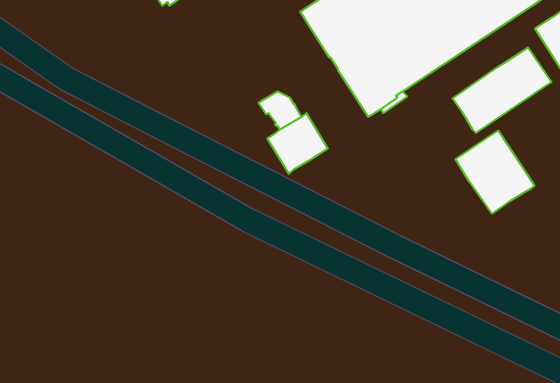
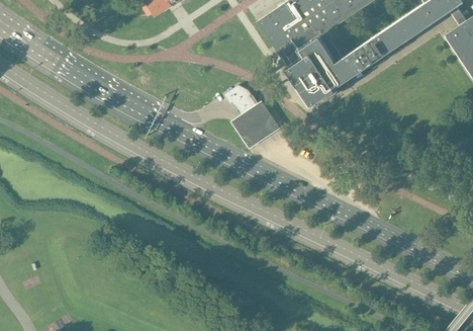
building: [452,48,552,133] -> none
building: [456,131,534,214] -> none

